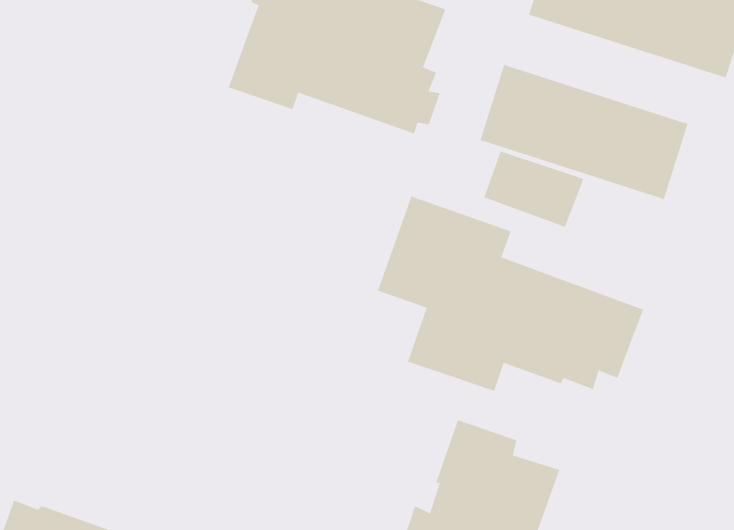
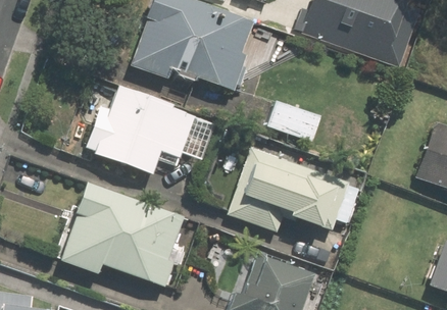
building: [480,64,688,200] -> none
building: none -> [83,88,218,174]
building: none -> [62,185,187,289]

